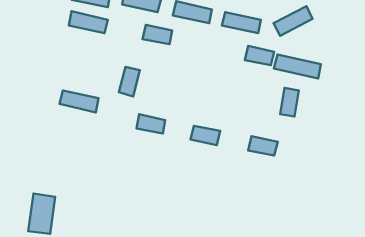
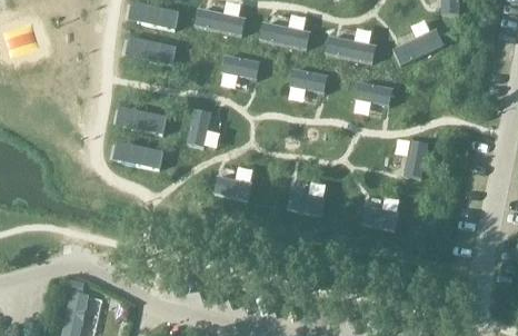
building: none -> [287,68,326,93]
building: [274,54,321,79] -> none
building: none -> [113,106,165,134]

